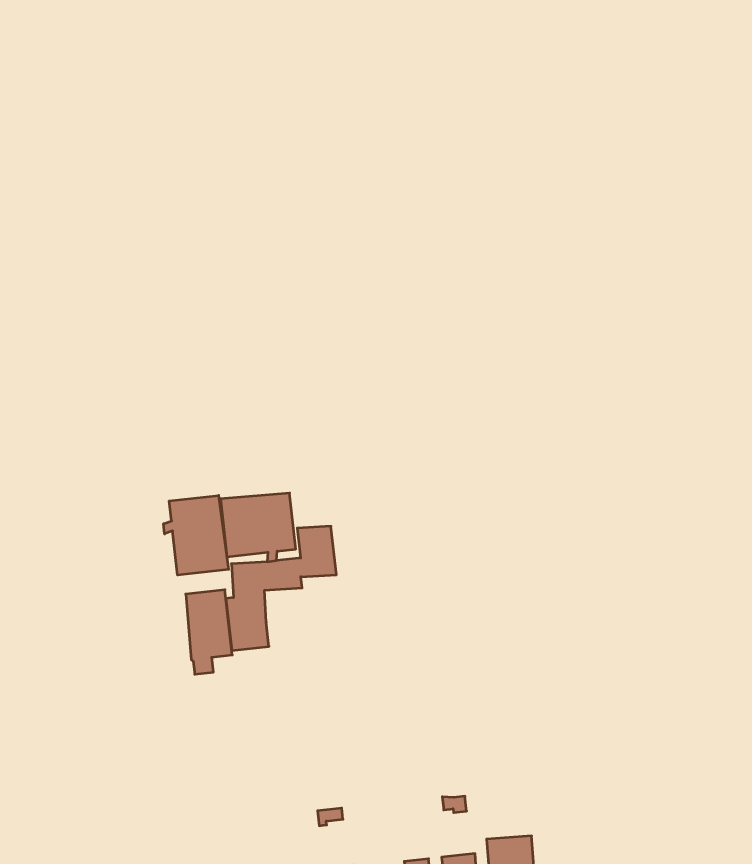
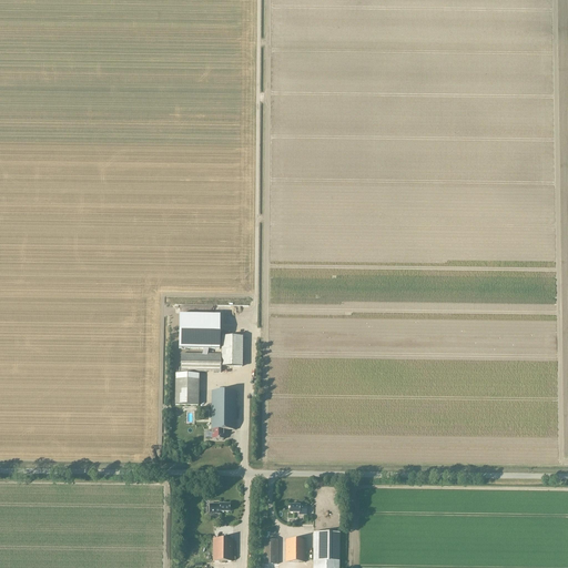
building: [164,495,229,575] -> none
building: [186,590,232,674] -> [211,388,235,436]

